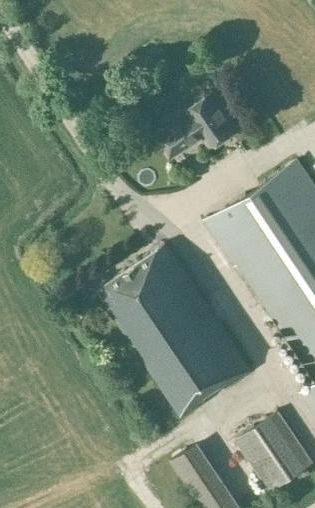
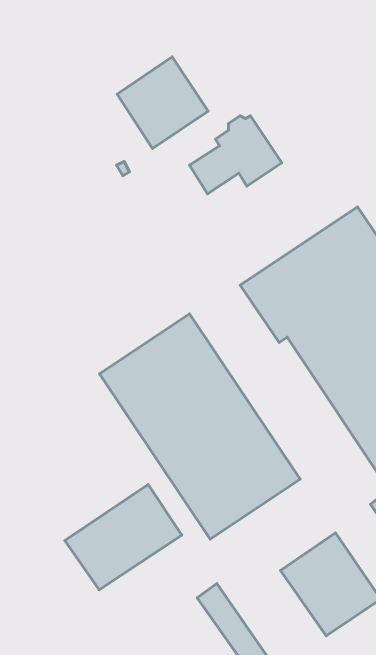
building: none -> [117,57,208,148]
building: none -> [65,485,182,590]

